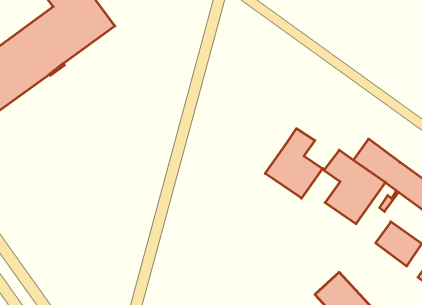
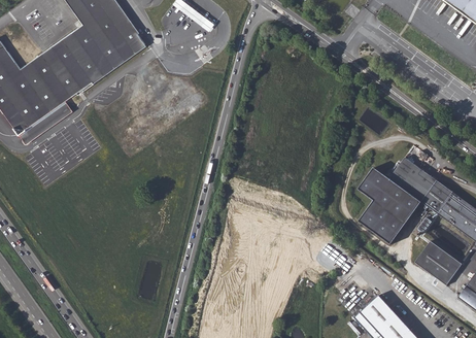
building: [265,129,323,198] -> none

